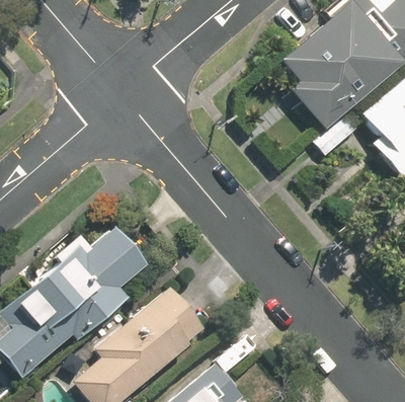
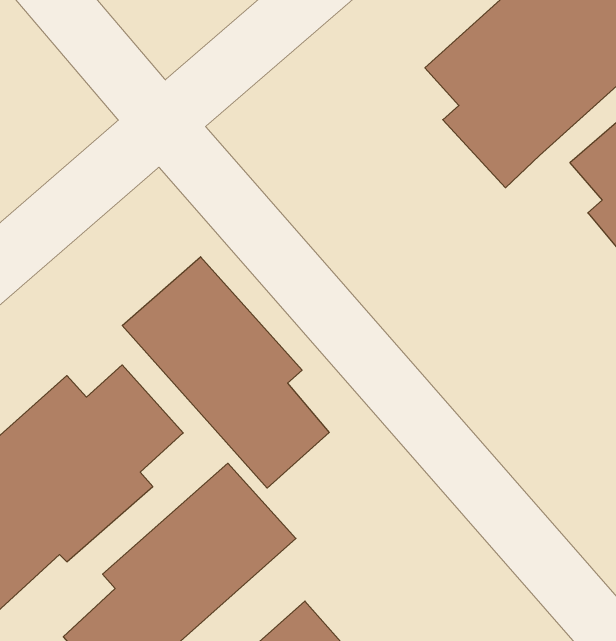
building: none -> [122,257,329,488]

